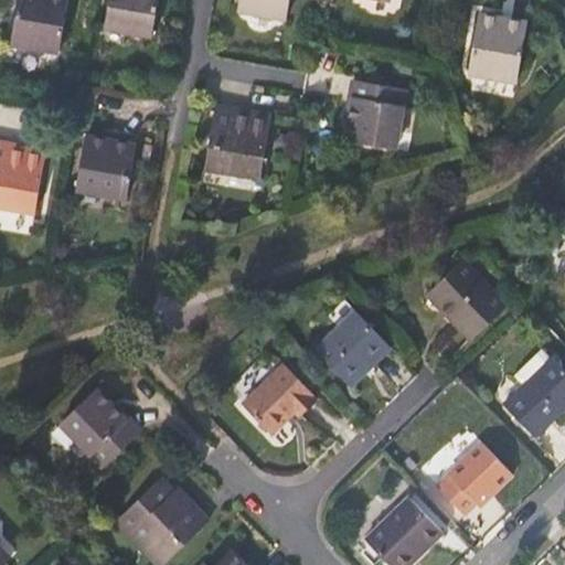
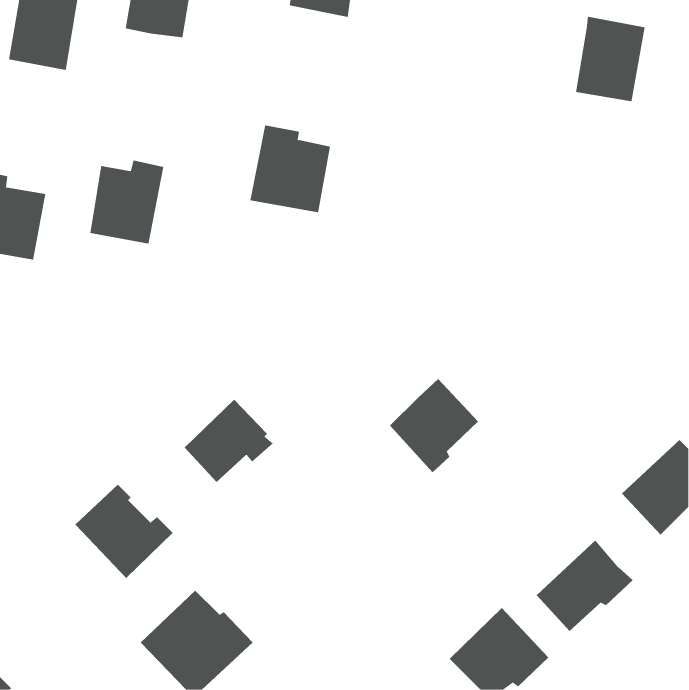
building: [344,82,405,149] -> none
building: [433,257,509,338] -> none
building: [245,363,318,431] -> [184,399,273,483]

